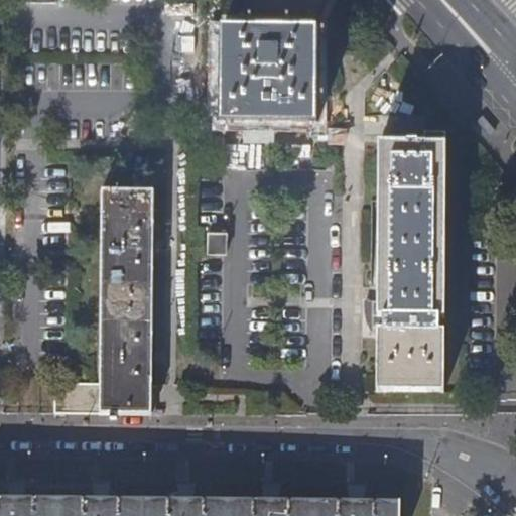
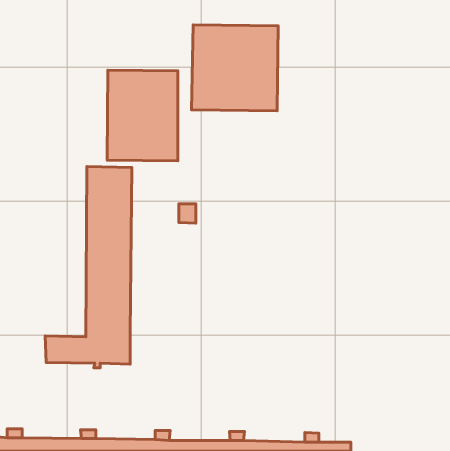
building: none -> [107,70,178,161]
building: [376,131,446,392] -> none

